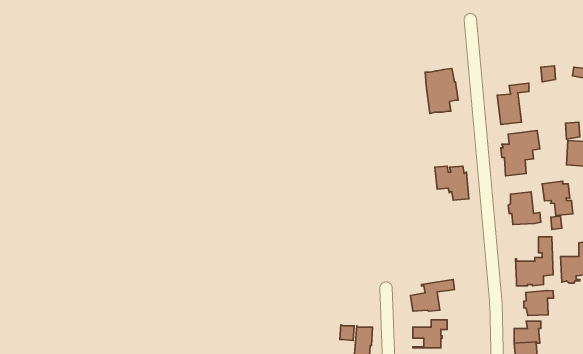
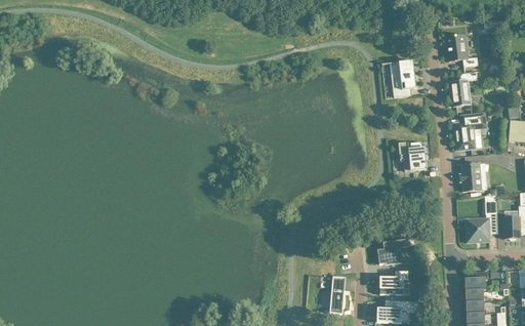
building: none -> [445,35,477,67]
building: [542,181,573,215] -> none
building: [524,291,554,316] -> none

